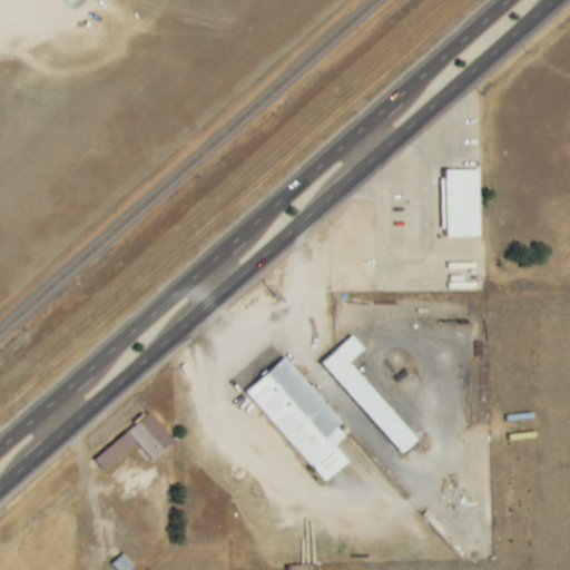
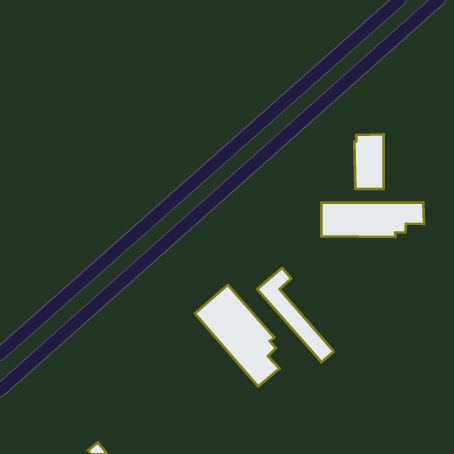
building: none -> [322,202,424,237]
building: [95,412,175,470] -> none

